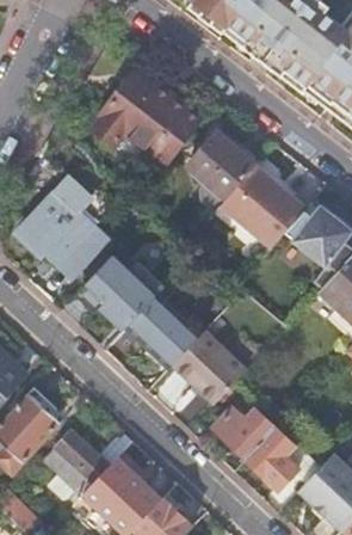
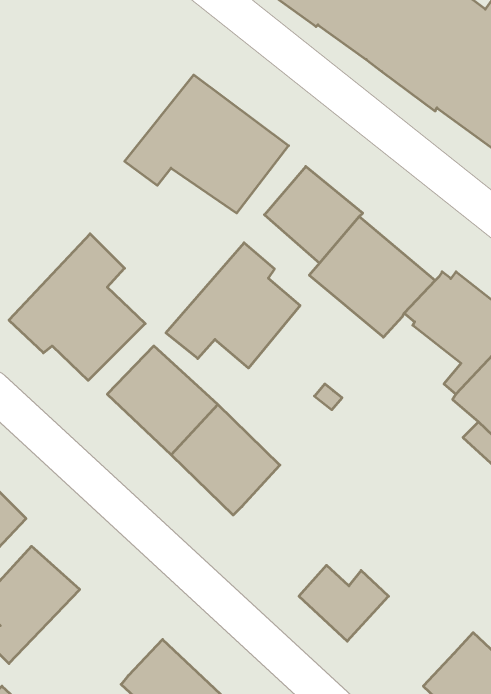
building: none -> [166,243,300,368]
building: [173,330,247,404] -> none
building: [246,426,298,487] -> none
building: [57,430,132,481] -> none

